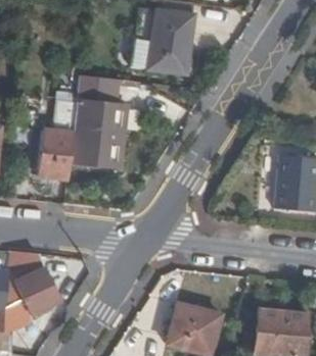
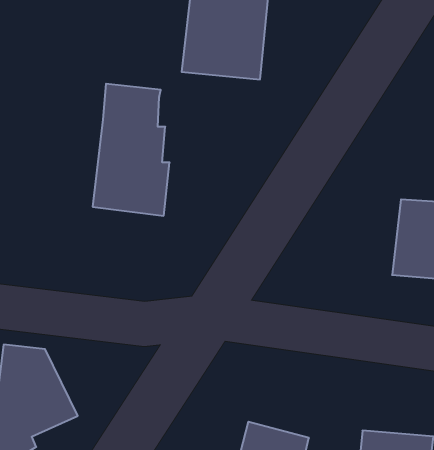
building: [39,72,80,177] -> none

